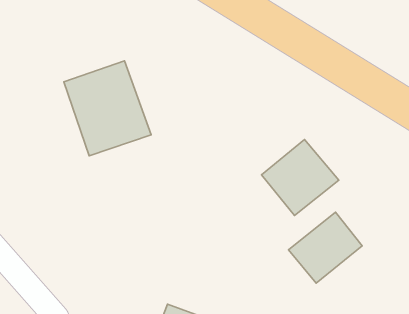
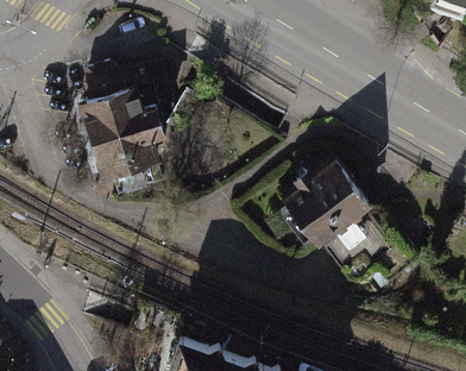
building: [288,212,362,283] -> none

